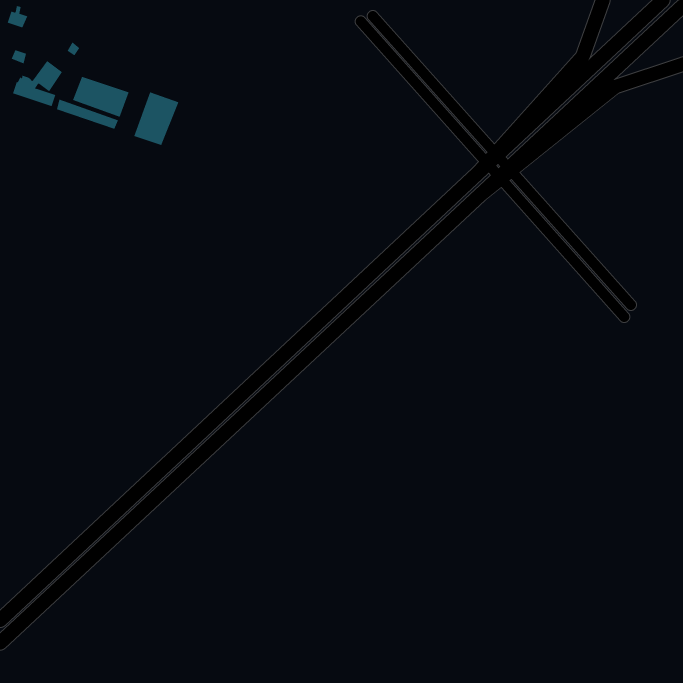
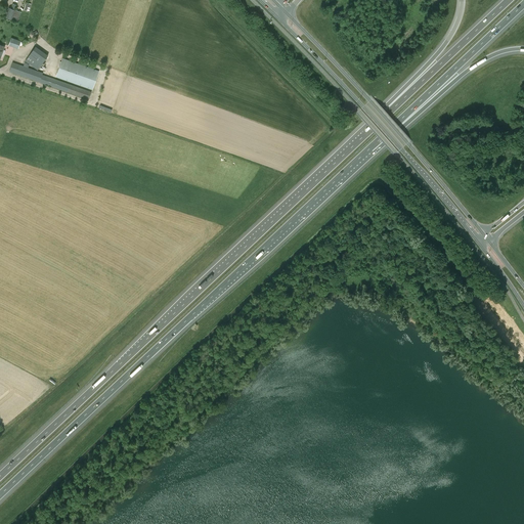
building: [134,92,179,146] -> none

